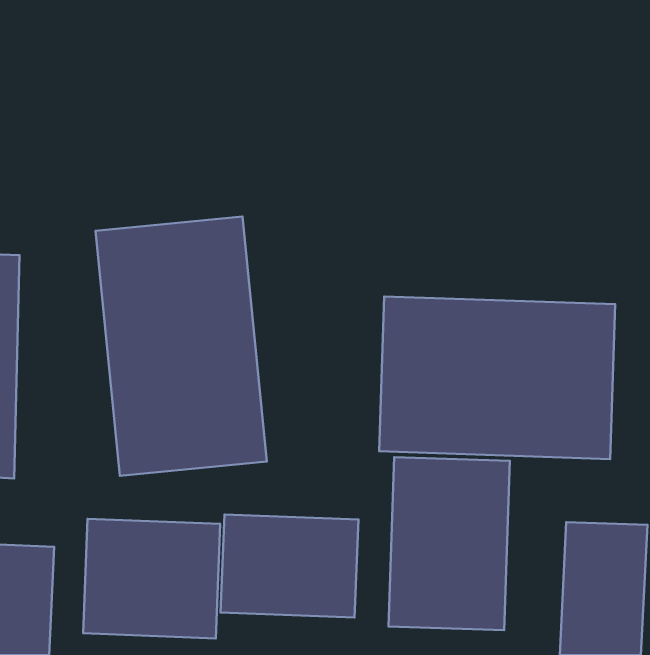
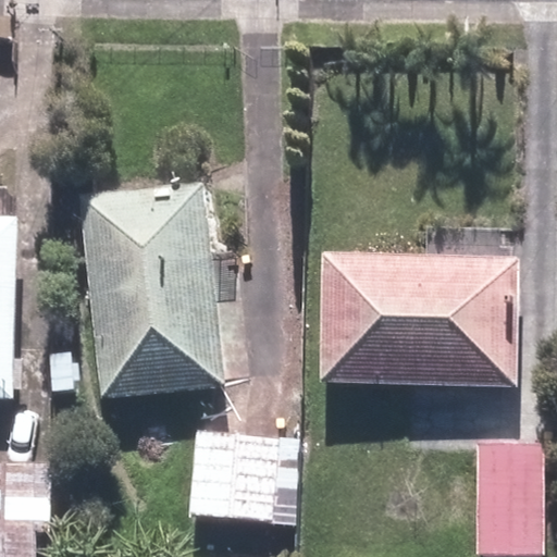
building: [388,457,510,630] -> none
building: [83,519,220,638] -> none

